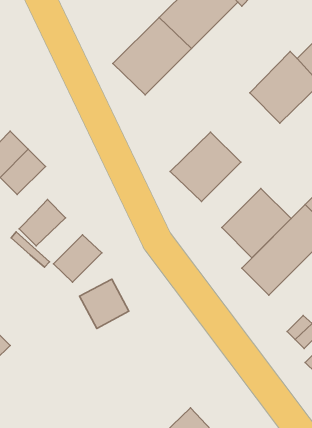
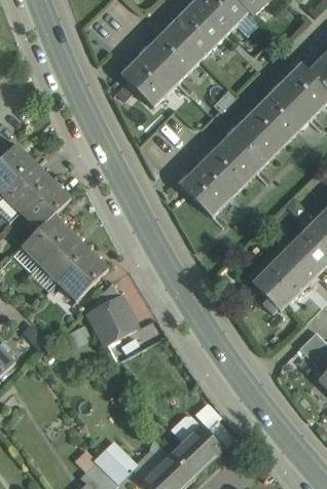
building: none -> [23,179,70,226]
building: [222,188,291,258] -> [220,104,291,175]
building: none -> [42,231,89,278]

